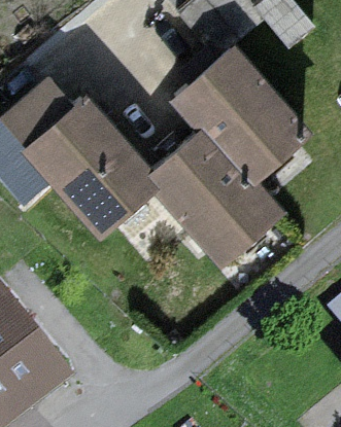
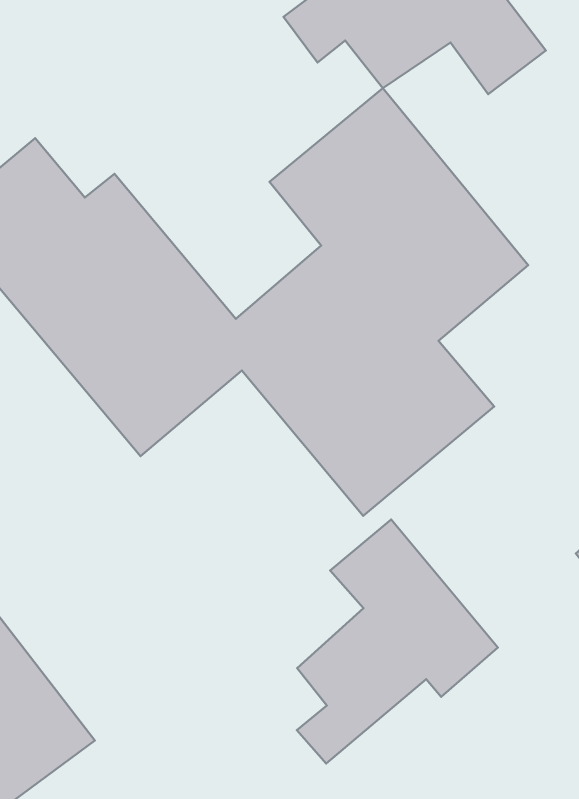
building: none -> [297,519,498,764]

